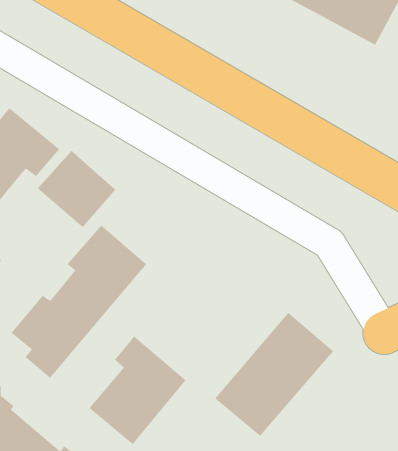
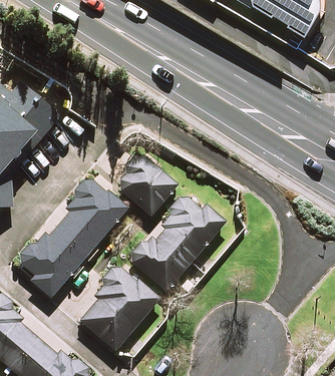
building: [37,150,116,228] -> [114,155,177,217]
building: [214,312,334,437] -> [129,193,224,291]

